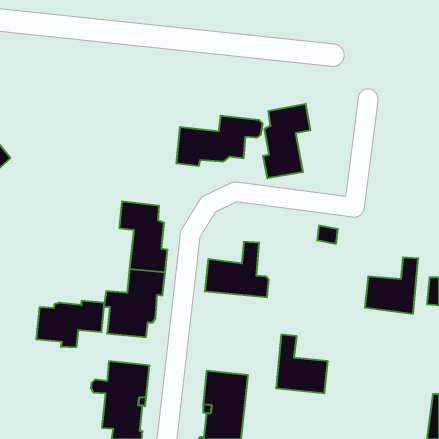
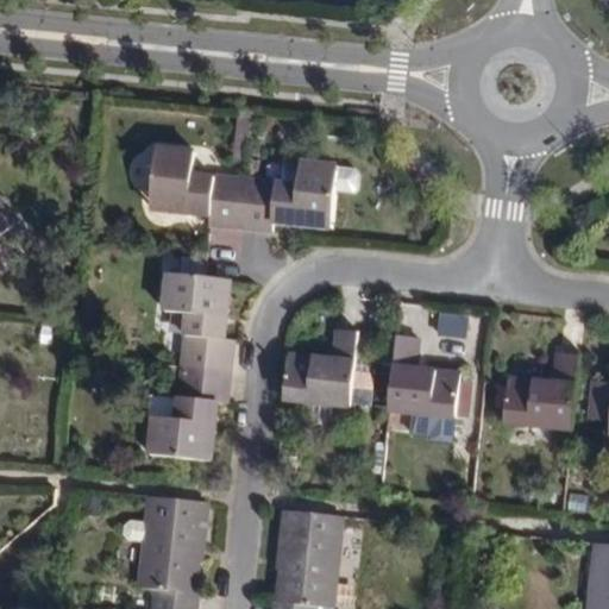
building: [263,104,310,178] -> none
building: none -> [152,144,247,225]
building: [36,301,104,347] -> none
building: [276,335,328,393] -> [388,338,459,419]

